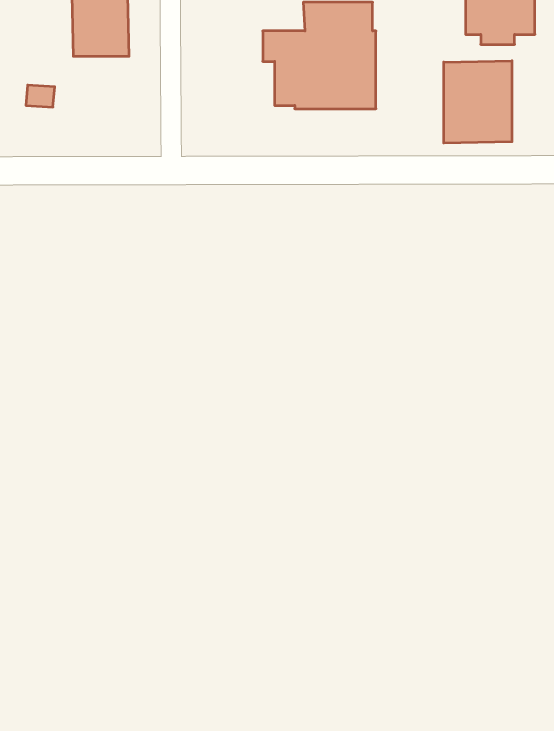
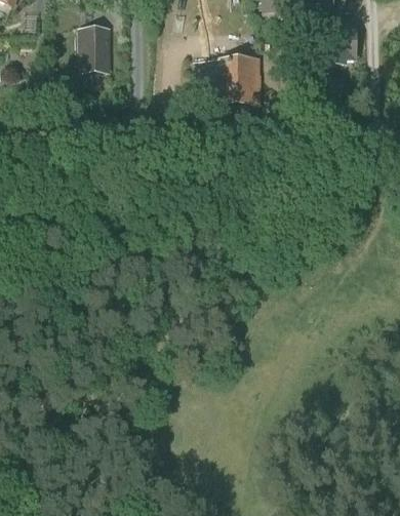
building: [444,61,512,143] -> none

